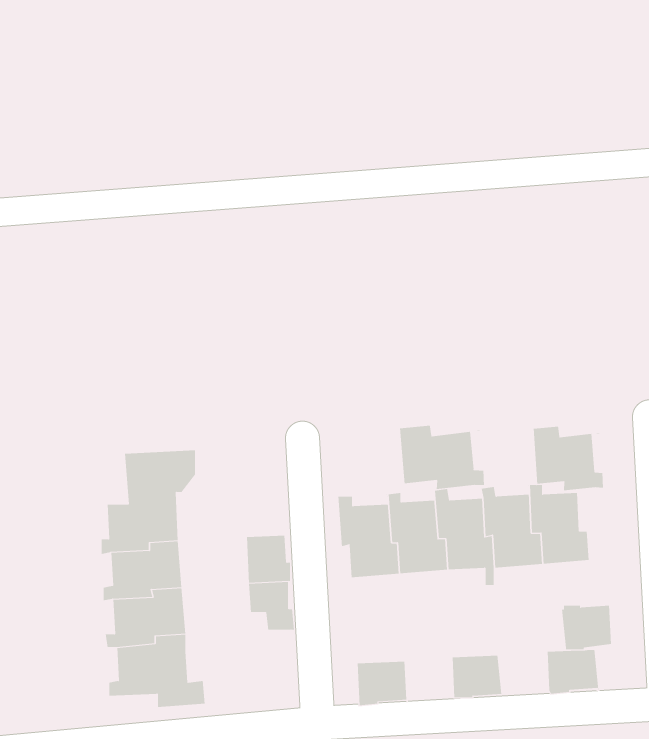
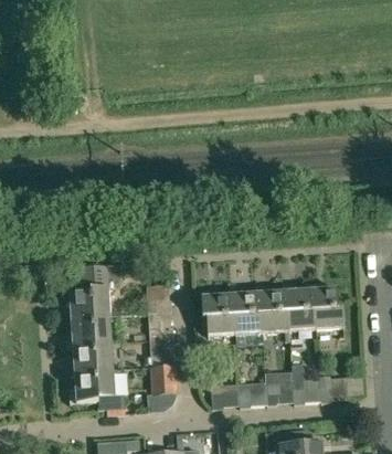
building: [400,425,484,490] -> none
building: [533,426,603,491] -> none
building: none -> [147,284,172,314]
building: [561,605,612,650] -> [292,379,320,404]
building: none -> [151,367,177,394]
building: none -> [239,382,266,408]

